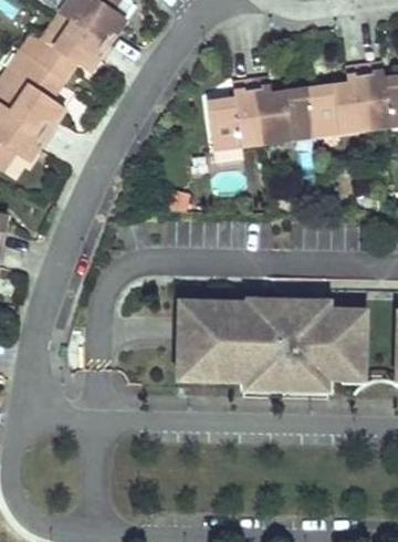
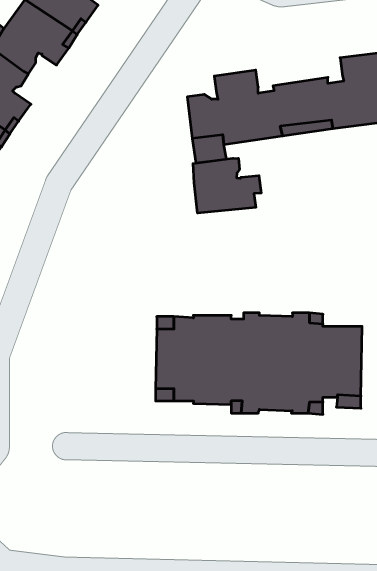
building: none -> [193,158,261,213]

